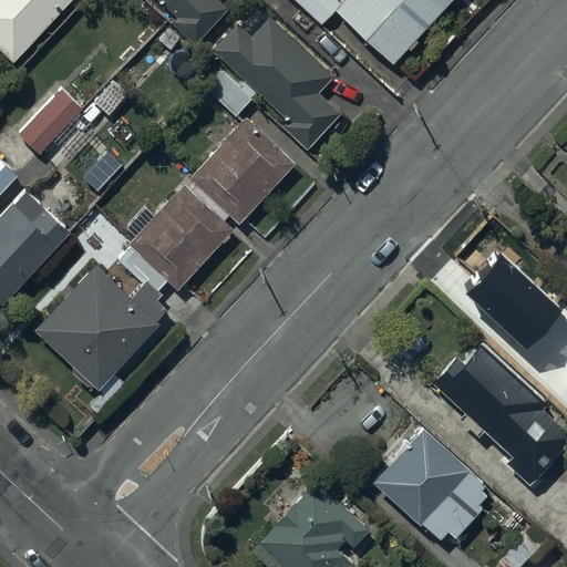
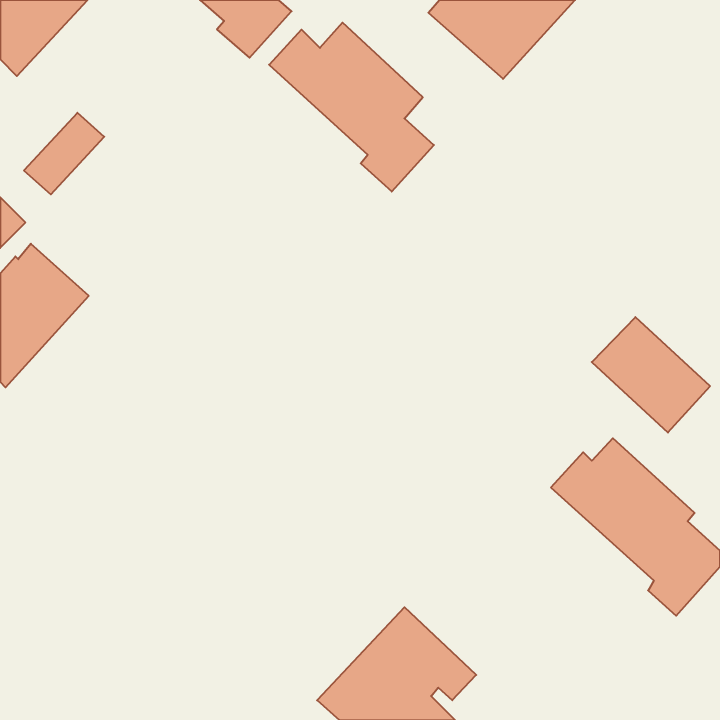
building: [189,116,296,224] -> none
building: [128,184,234,289] -> none
building: [33,262,162,390] -> none
building: [375,430,486,536] -> none

